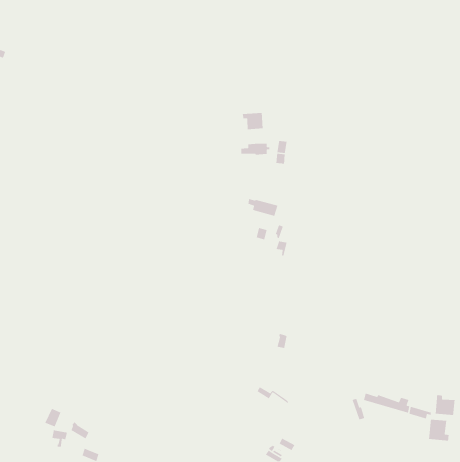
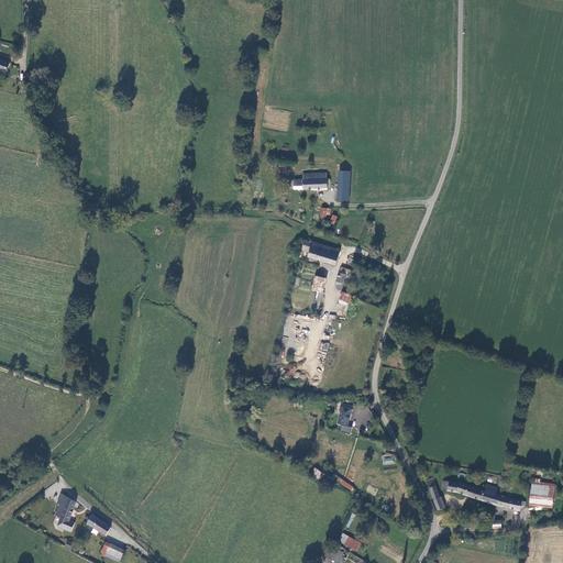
building: [242,112,264,130] -> none
building: [428,419,449,441] -> none

